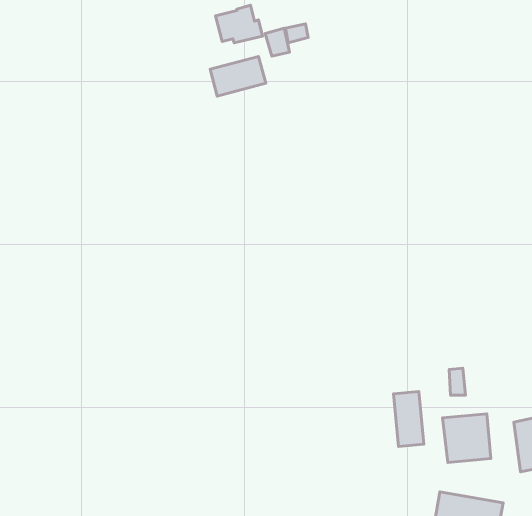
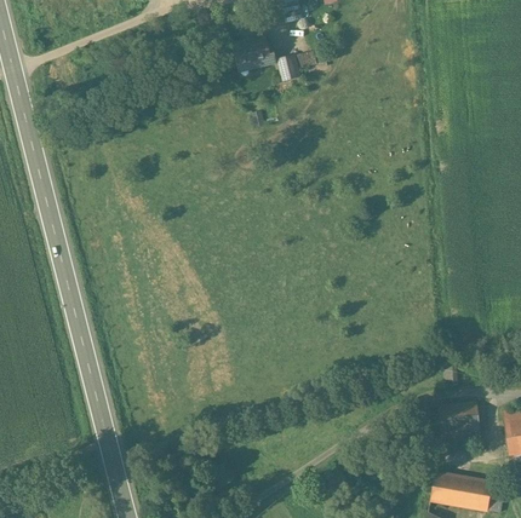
building: [210,57,266,96] -> none
building: [394,392,424,447] -> none

